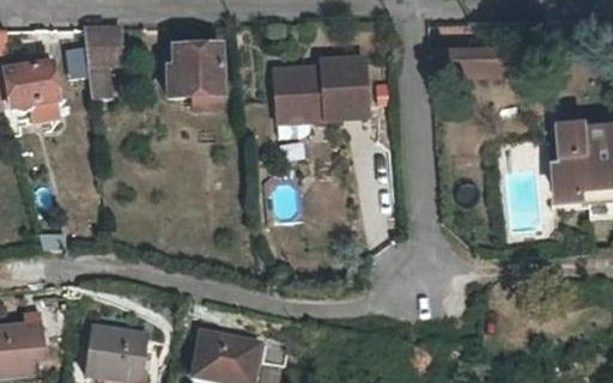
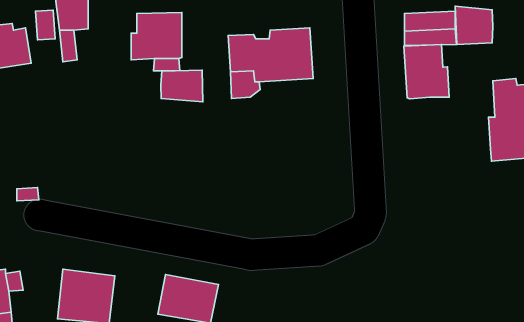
building: none -> [455,6,493,45]
building: none -> [404,45,449,99]
building: none -> [161,70,203,102]

